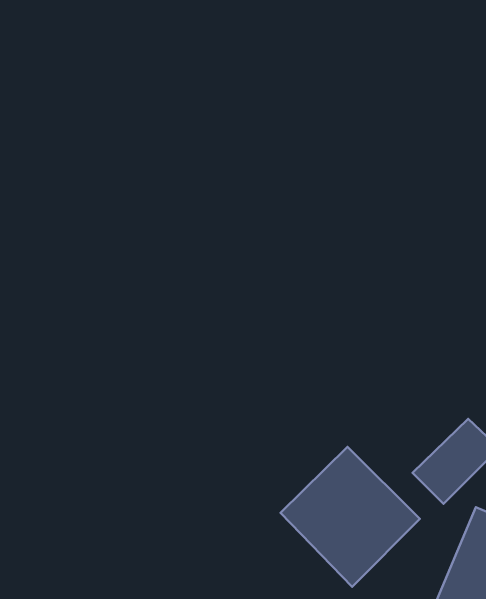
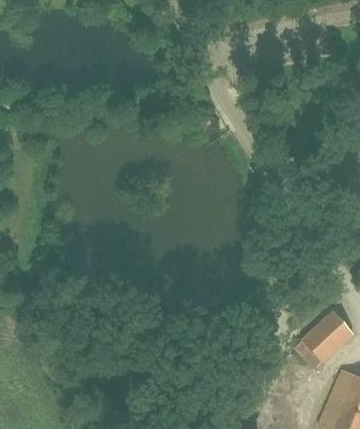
building: [280,447,420,587] -> none

